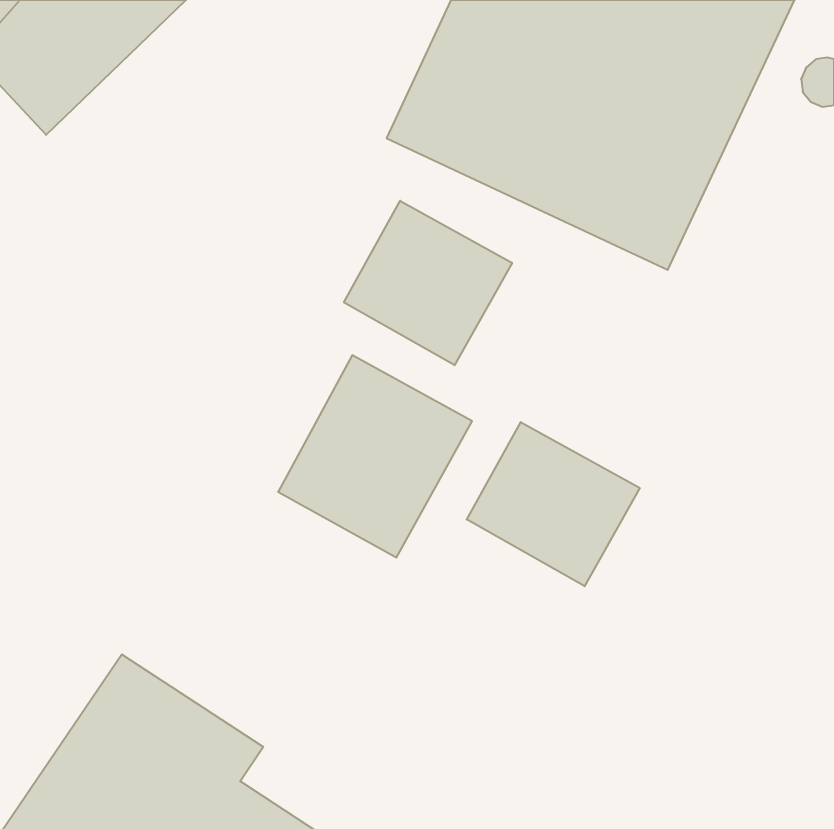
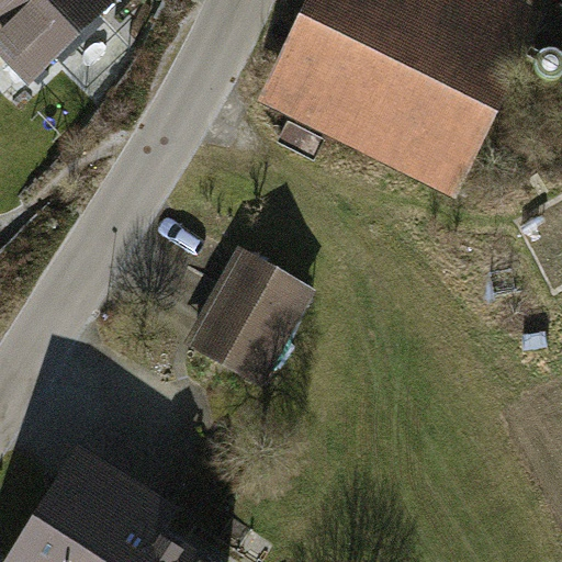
building: [344,201,512,365] -> none
building: [467,422,640,586] -> none

